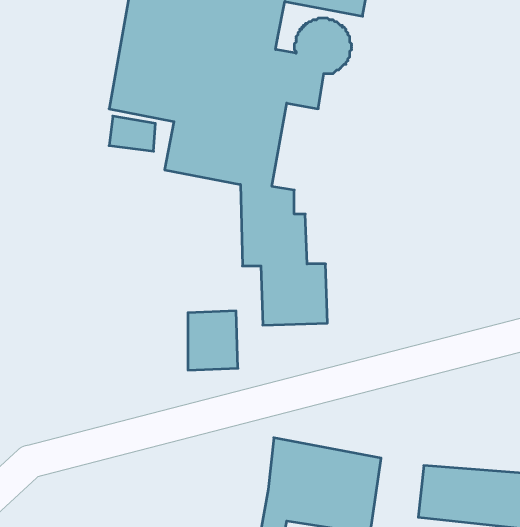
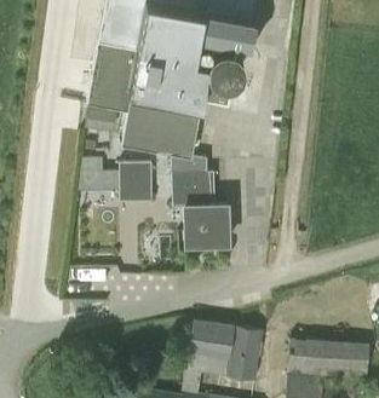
building: [188,311,238,370] -> [120,161,153,200]

